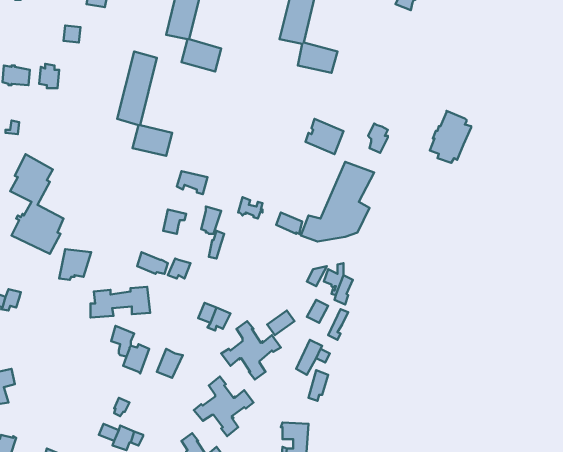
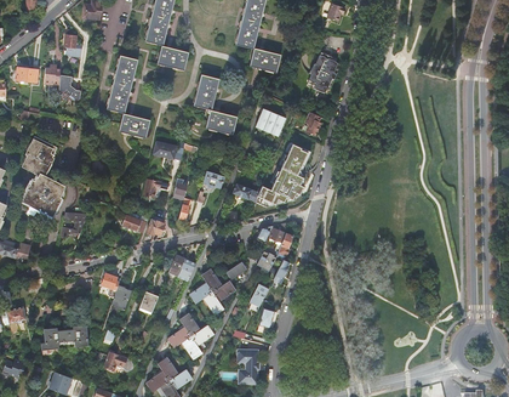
building: none -> [194,74,238,134]
building: [430,111,471,163] -> [308,51,341,92]
building: [91,287,150,317] -> [41,324,88,348]

